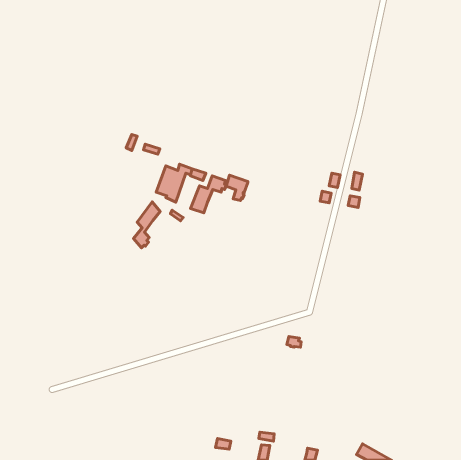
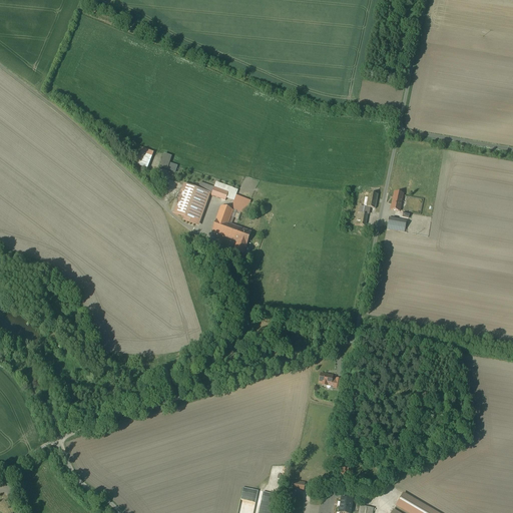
building: [226,175,248,201] -> [226,224,250,252]
building: [133,202,160,248] -> none

